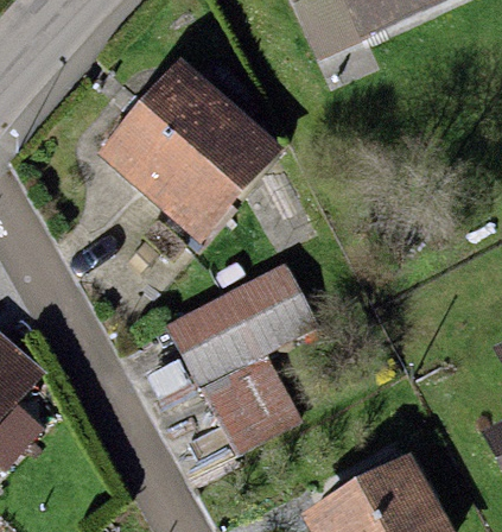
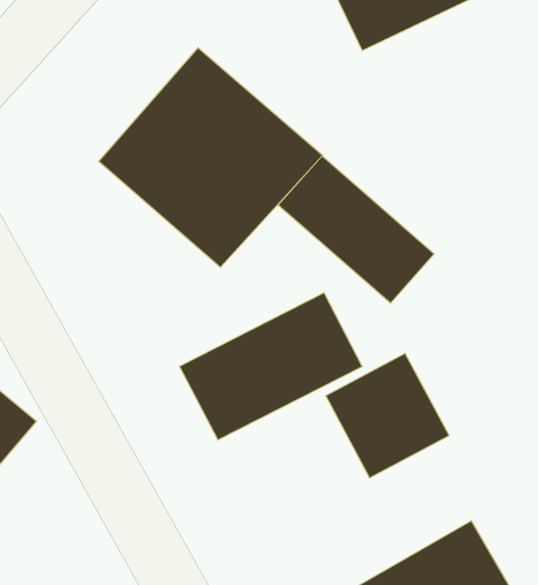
building: none -> [278,156,434,303]
building: [199,353,303,457] -> [326,353,449,478]

